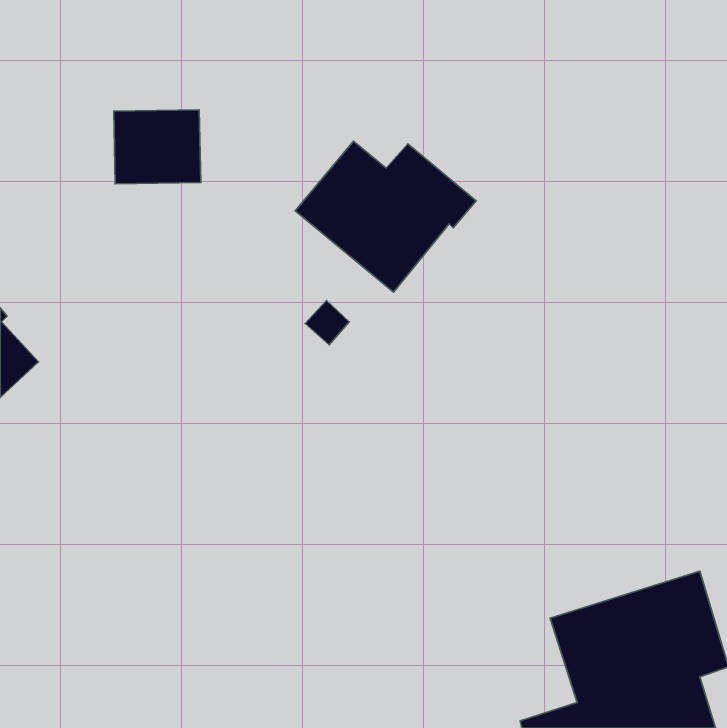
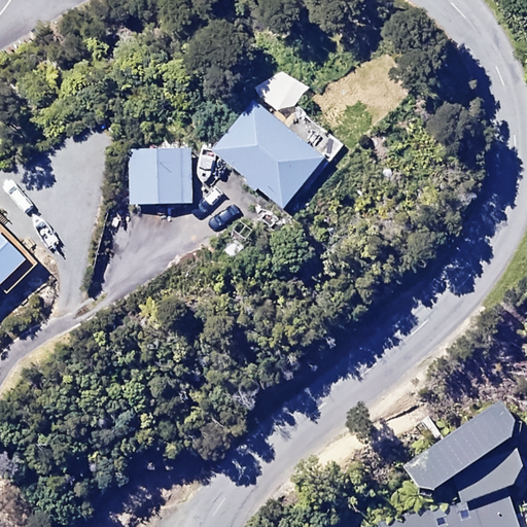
building: [114,110,201,184] -> [129,150,191,204]

